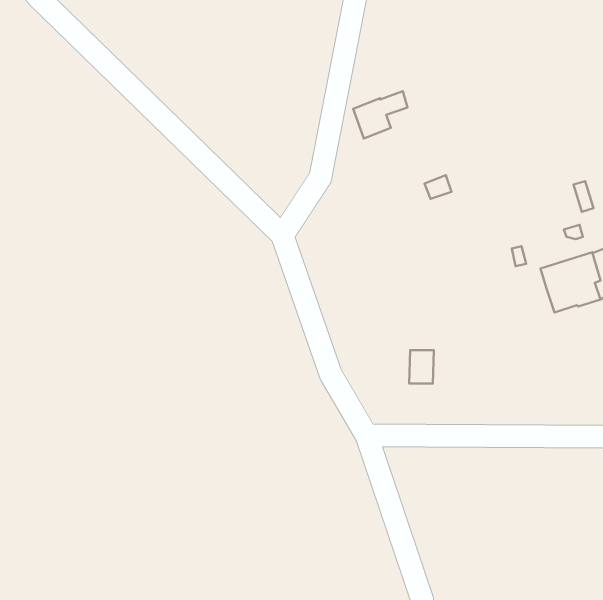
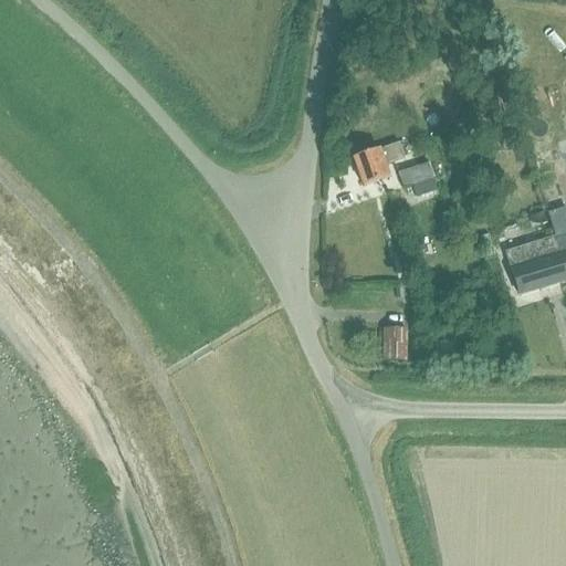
building: [353,91,407,138] -> [354,140,405,185]

